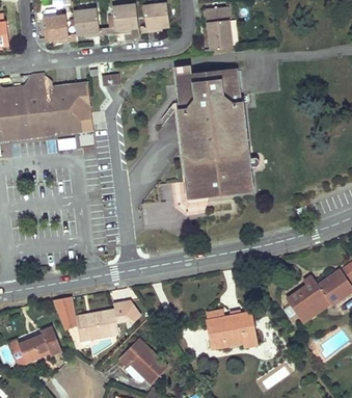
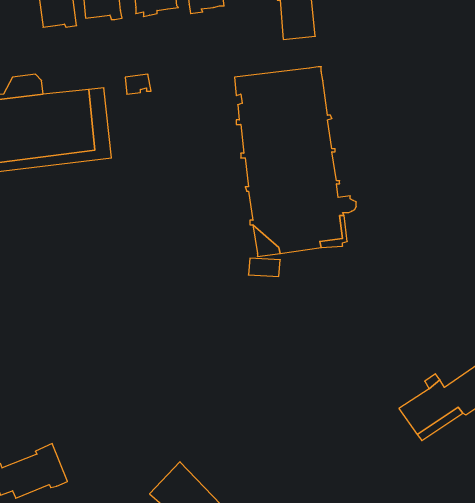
building: [53,296,144,340] -> none
building: [207,310,256,347] -> none

